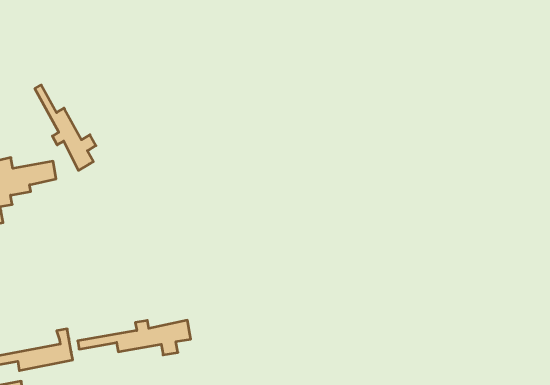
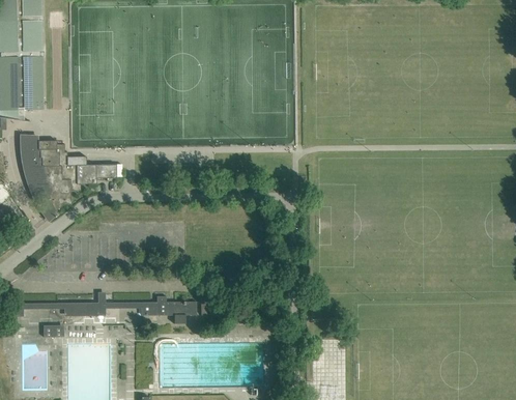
building: [35,85,96,170] -> none

